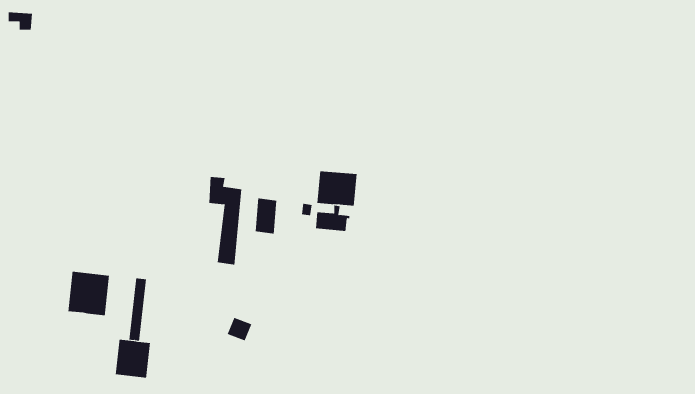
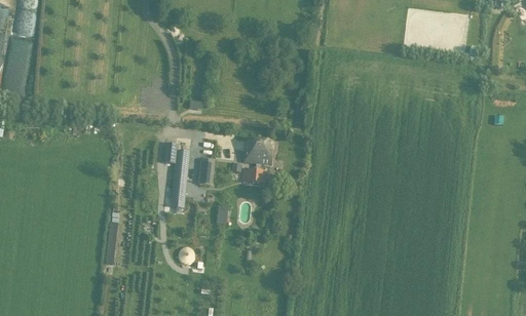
building: [68,271,110,316] -> none
building: [115,339,150,379] -> none

